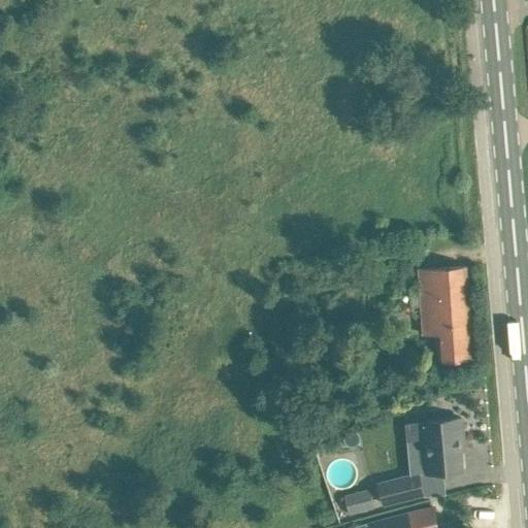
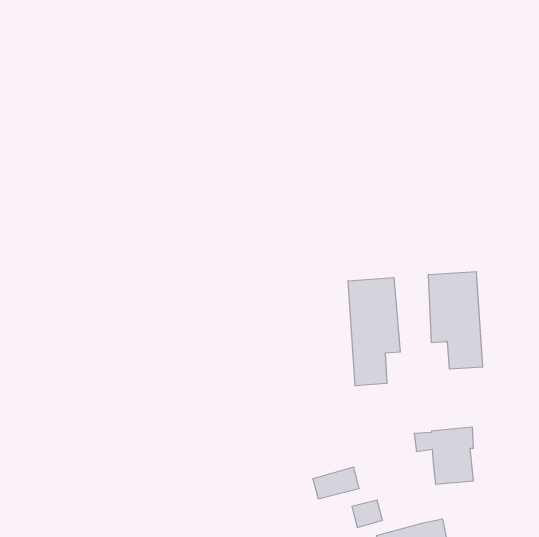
building: none -> [348,278,400,386]
building: [377,475,423,506] -> [313,467,359,499]

